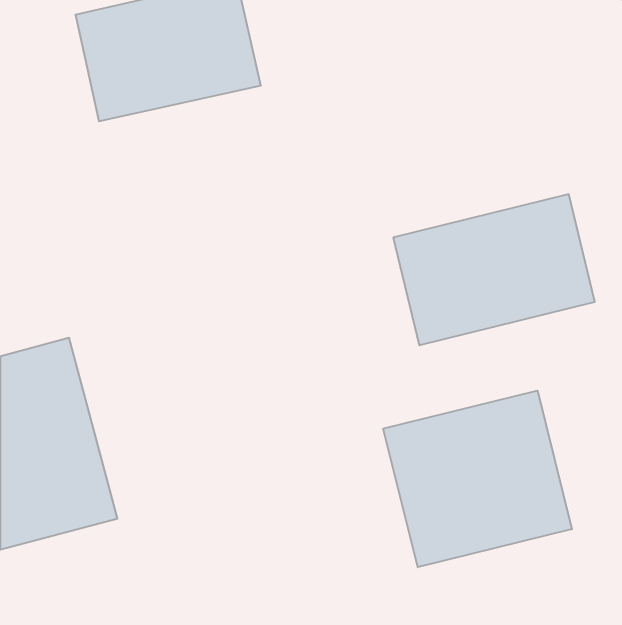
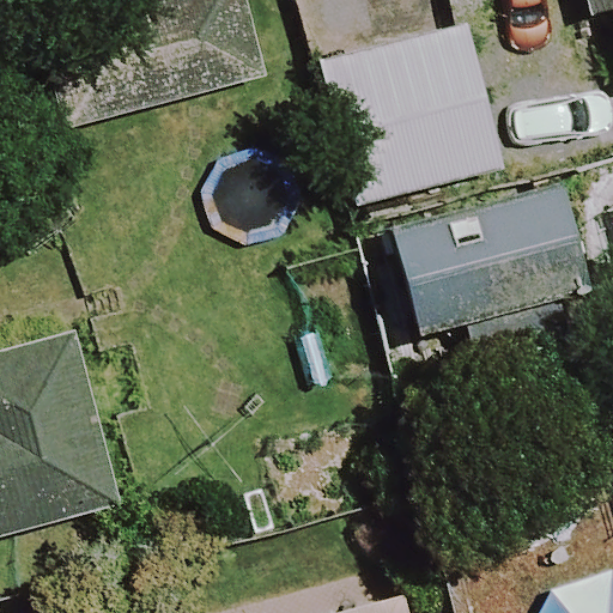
building: none -> [318,25,503,204]
building: [383,391,572,567] -> none

